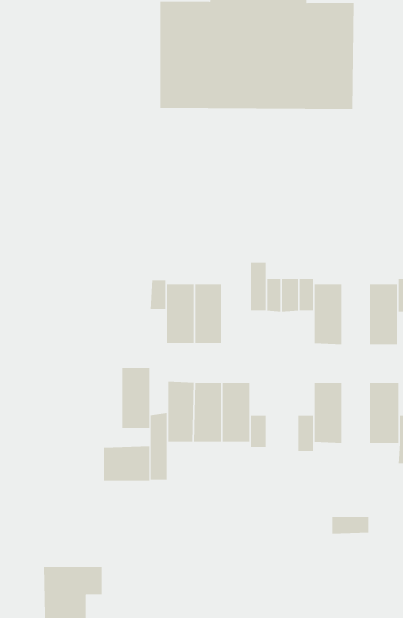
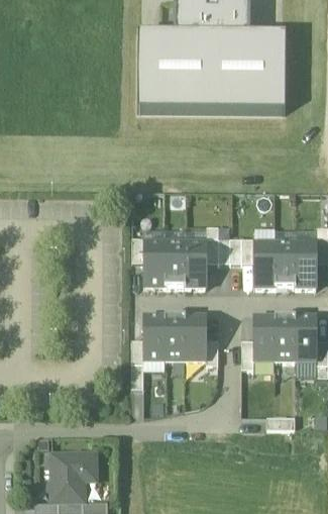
building: none -> [185,240,206,285]
building: none -> [275,240,295,286]
building: [122,367,150,429] -> none
building: none -> [275,314,295,359]
building: [104,445,150,482] -> none

